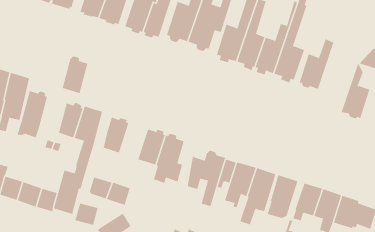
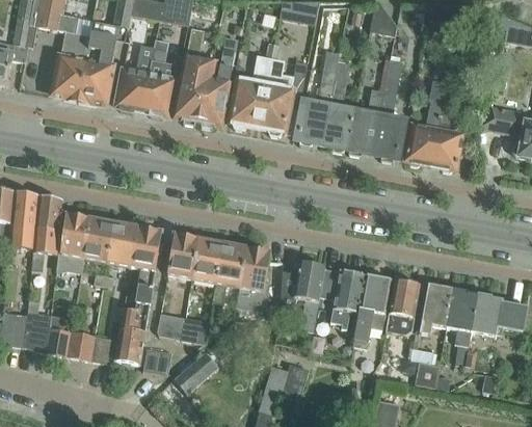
building: [62,56,88,94] -> [84,216,113,263]
building: [341,63,370,119] -> [430,101,463,171]
building: none -> [189,237,220,284]

